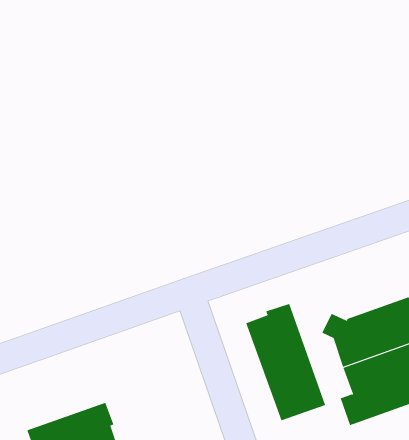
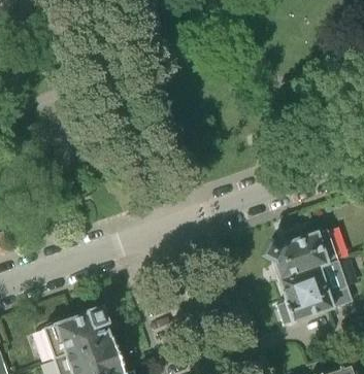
building: [246,303,326,421] -> none

